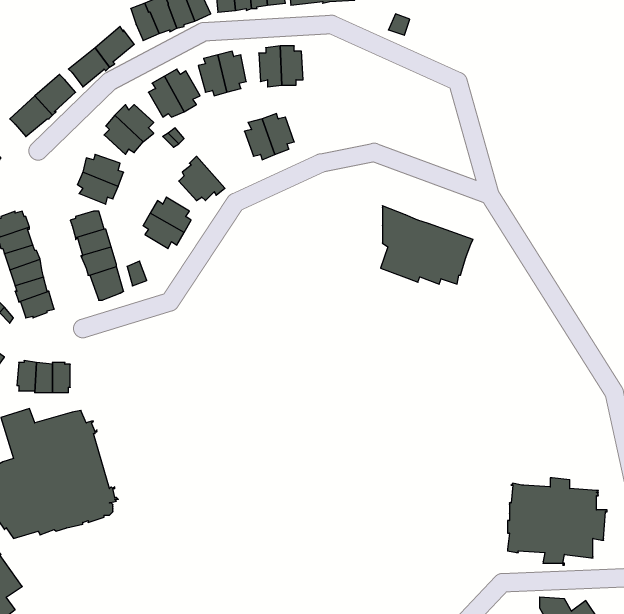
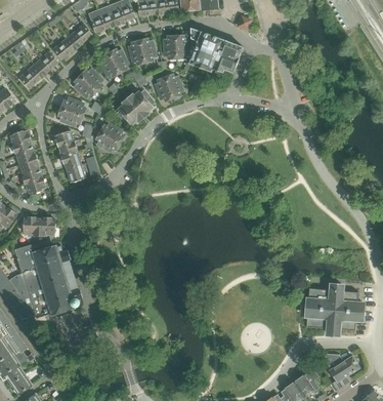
building: none -> [126,90,153,117]
building: [381,206,473,284] -> [188,27,242,72]

